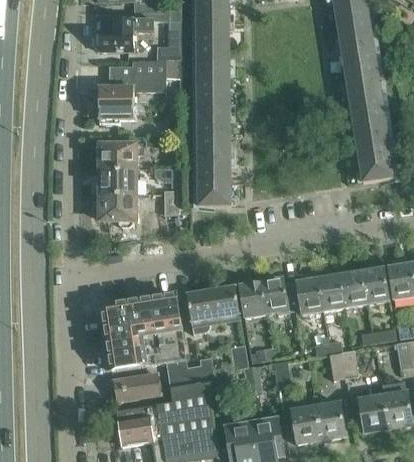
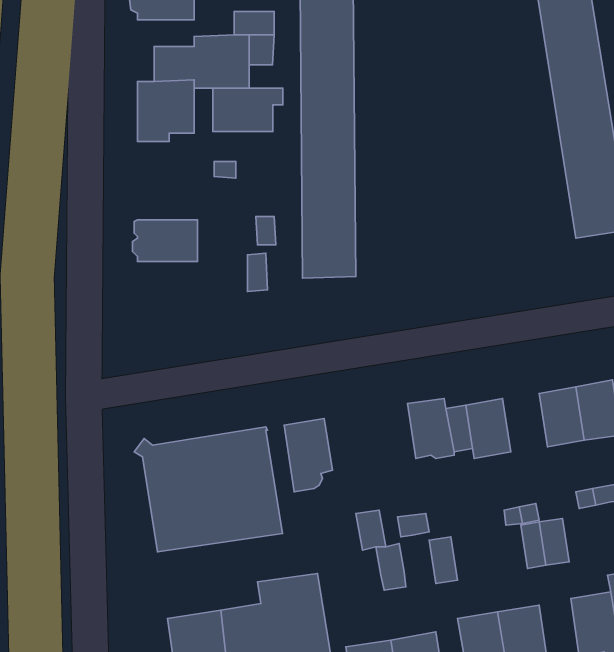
building: [99,144,141,170] -> [213,88,283,132]
building: [97,195,135,226] -> none
building: [318,274,345,309] -> none
building: [239,279,266,316] -> none
building: [211,285,240,320] -> none
building: [167,357,214,387] -> none
building: [113,373,160,399] -> none

